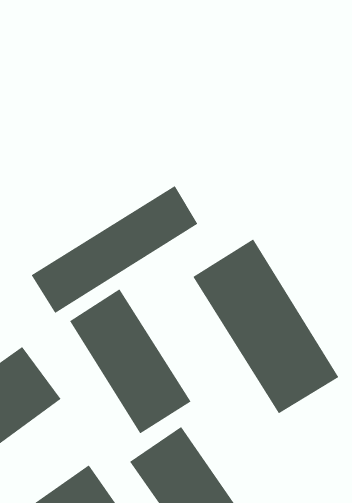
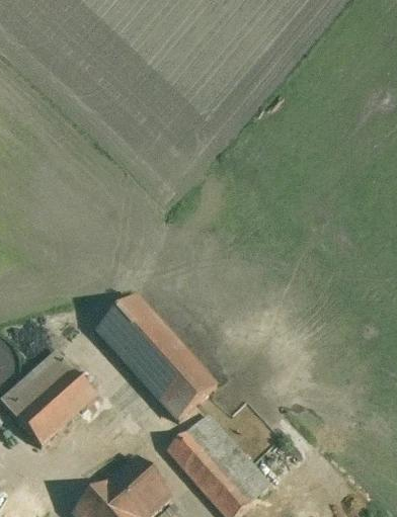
building: [31,185,198,314] -> none
building: [192,239,339,414] -> none

